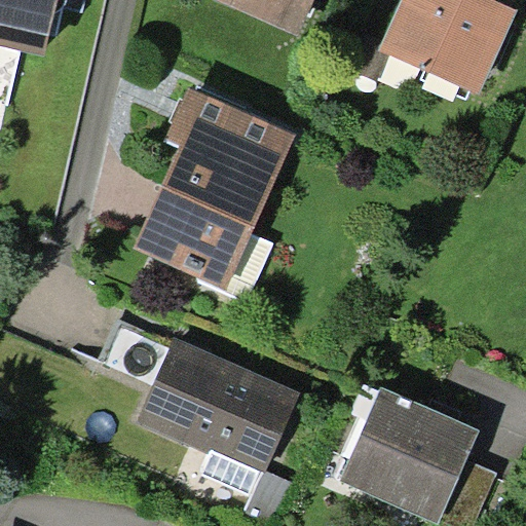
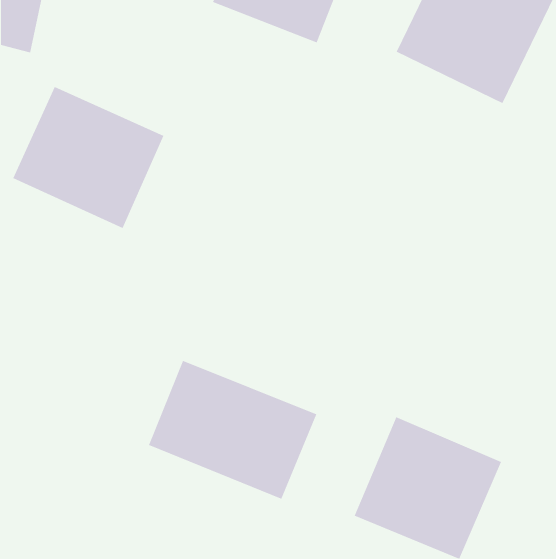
building: none -> [13,86,164,229]
building: [132,93,299,292] -> none

